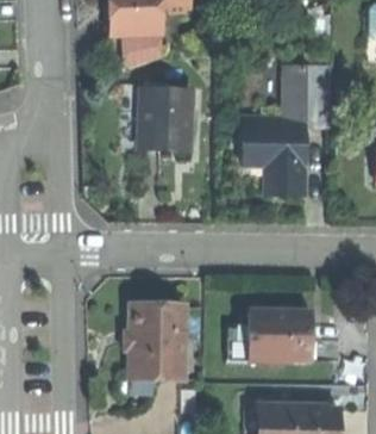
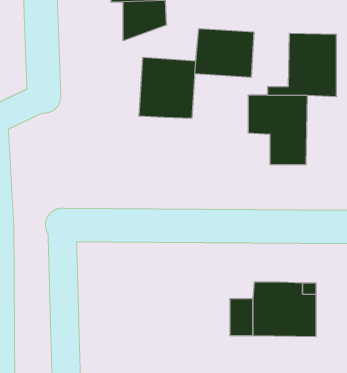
building: none -> [195,29,254,77]
building: [131,304,183,377] -> none

